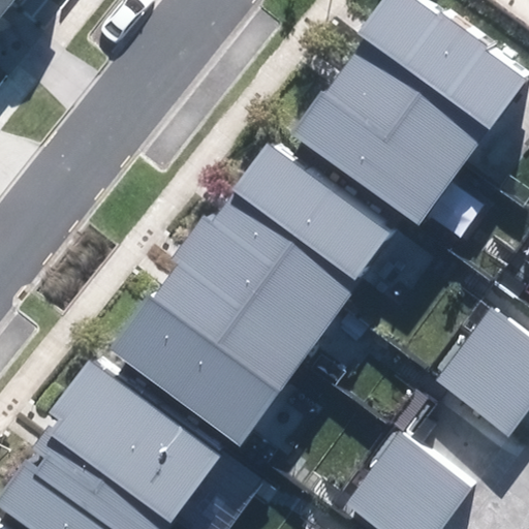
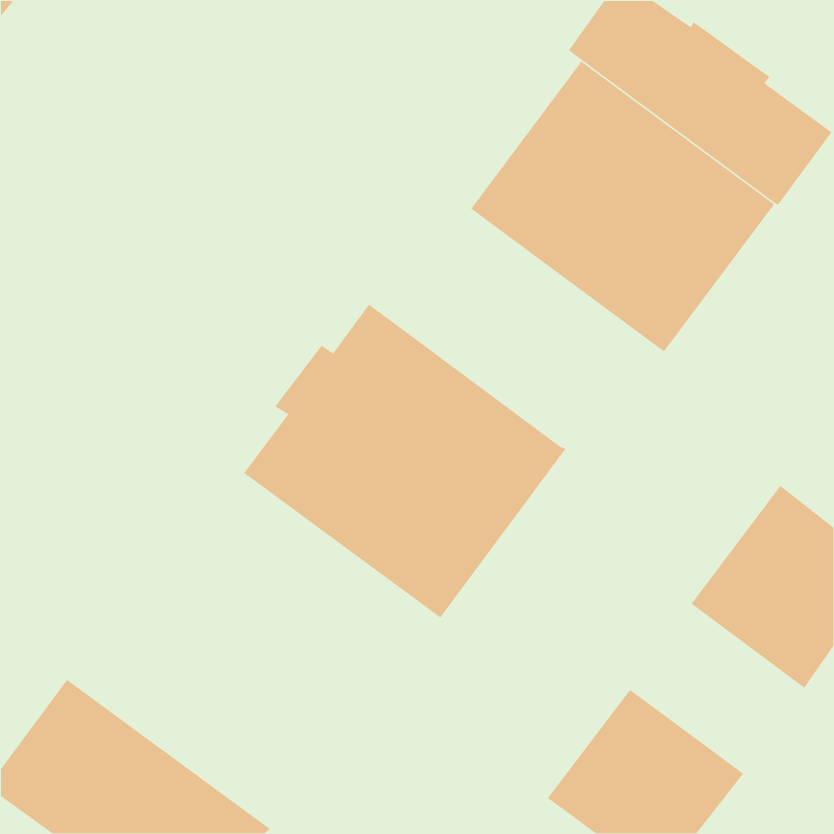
building: [234,145,391,282] -> none
building: [108,295,279,445] -> none
building: [42,363,220,524] -> none

